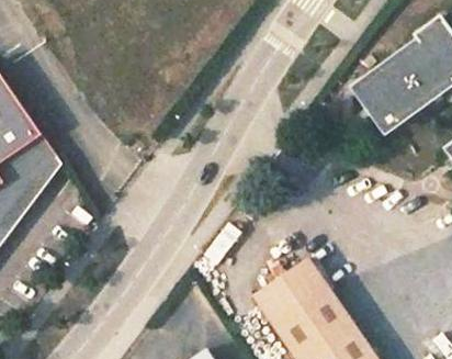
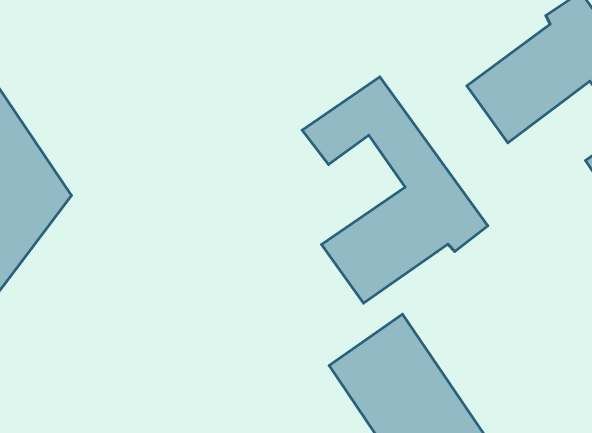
building: none -> [302,77,488,303]

